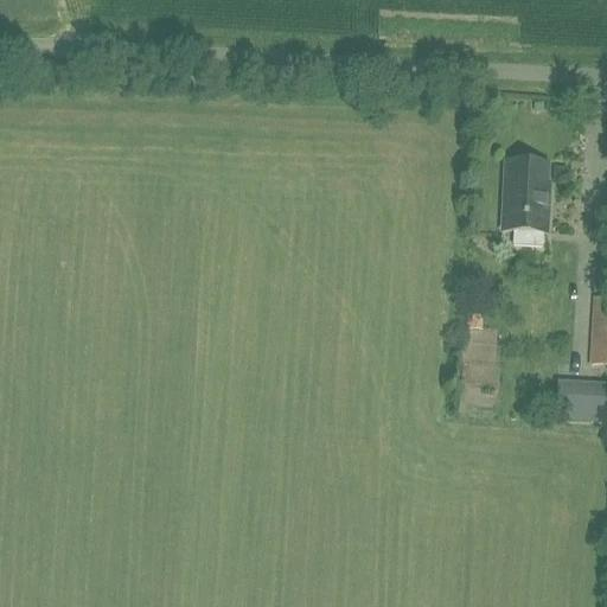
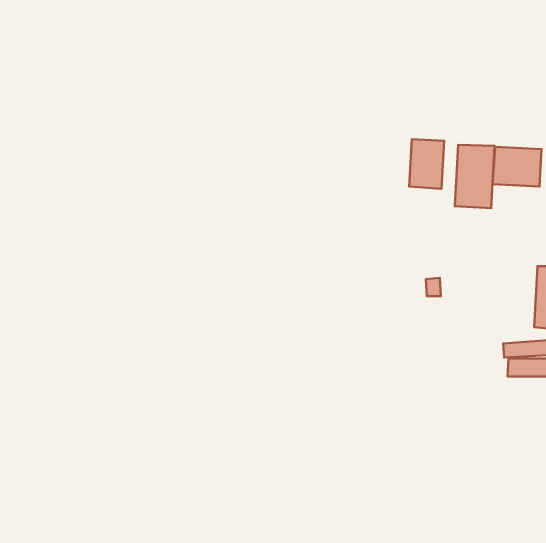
building: none -> [409,139,444,189]
building: none -> [493,147,541,187]

